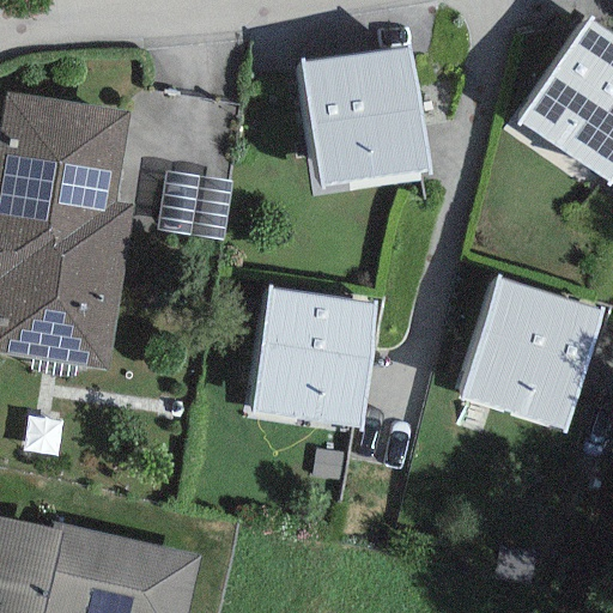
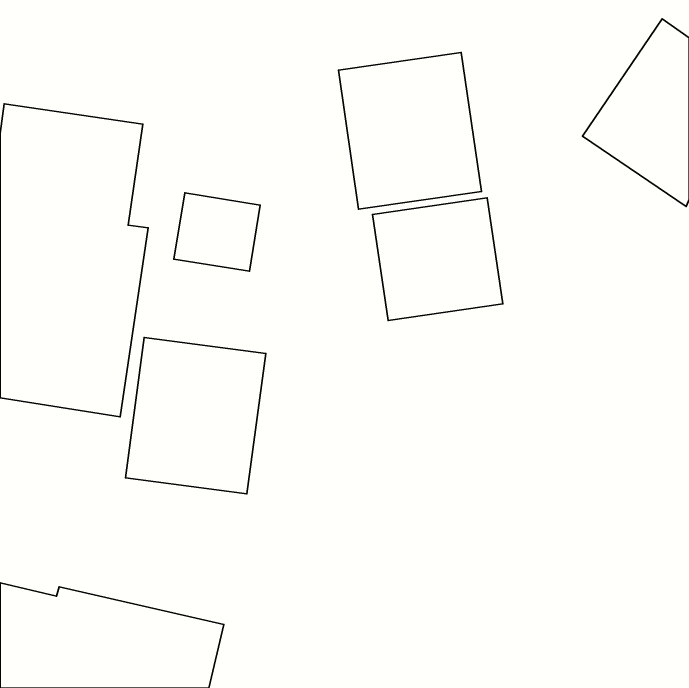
building: none -> [372,198,503,321]
building: [457,277,603,431] -> none
building: [250,287,375,426] -> [125,337,266,494]

